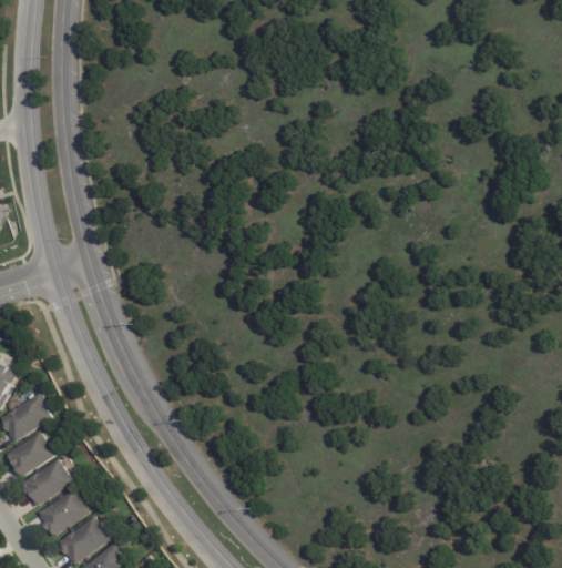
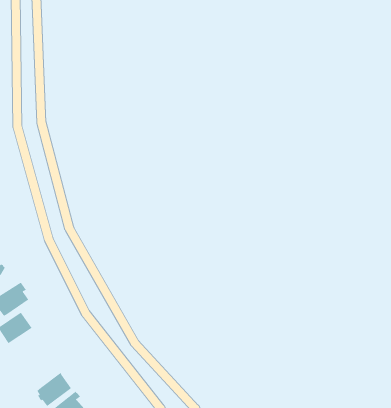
building: [22,459,73,506] -> none
building: [39,489,88,535] -> none

